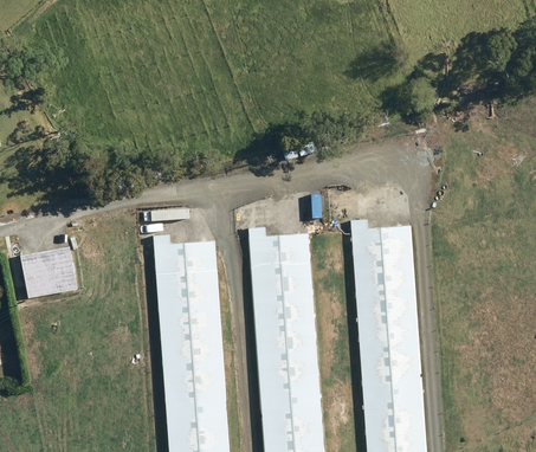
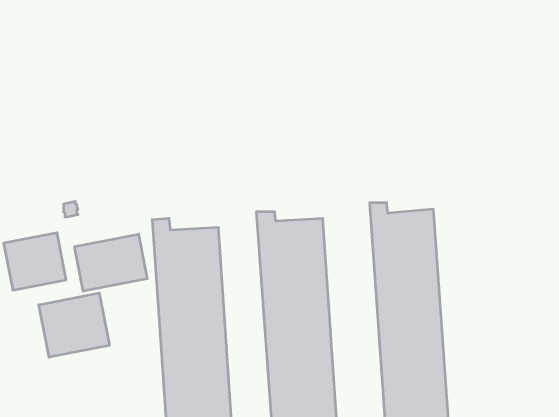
building: none -> [75,234,147,291]
building: none -> [39,293,109,357]

